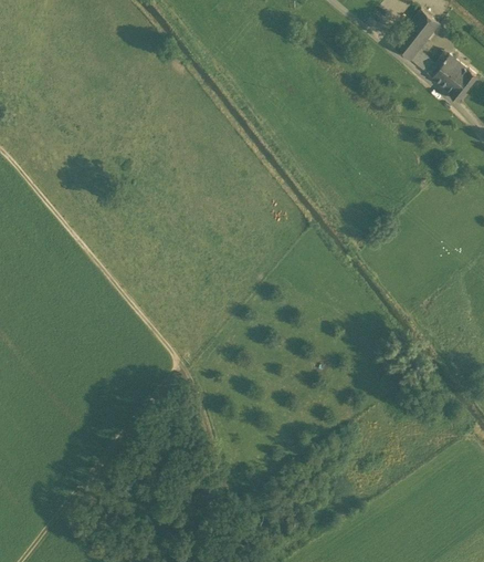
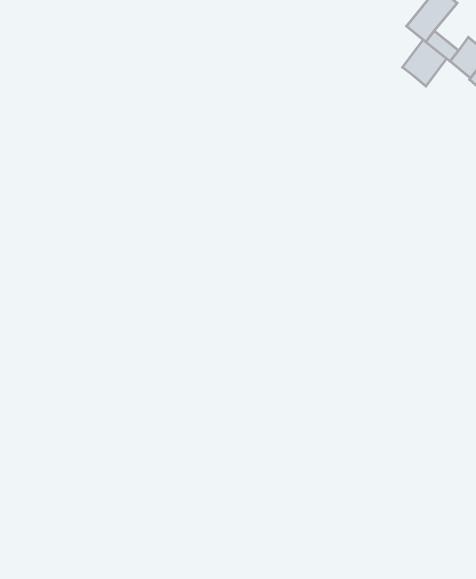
building: none -> [402,40,446,86]

